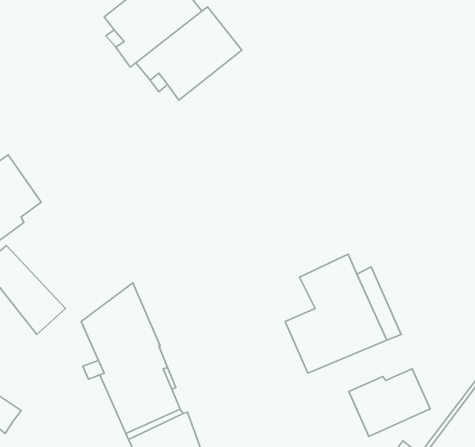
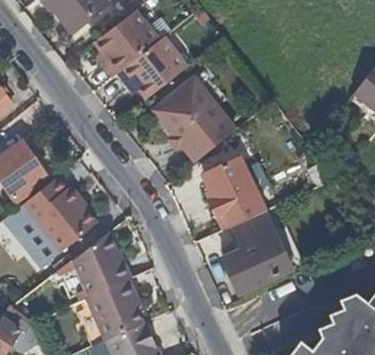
building: none -> [155,81,235,162]
building: none -> [202,157,264,229]
building: none -> [21,176,101,252]
building: [349,369,430,437] -> none

